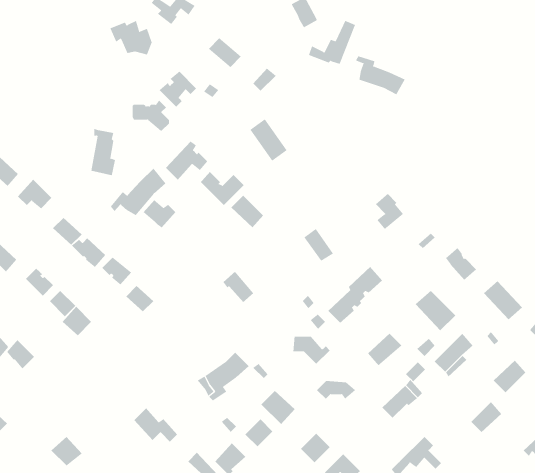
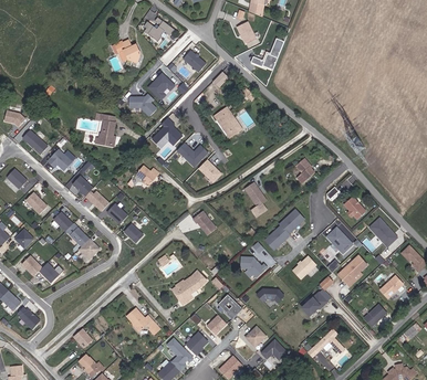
building: [355,55,406,95] -> none
building: [110,168,166,216] -> none

